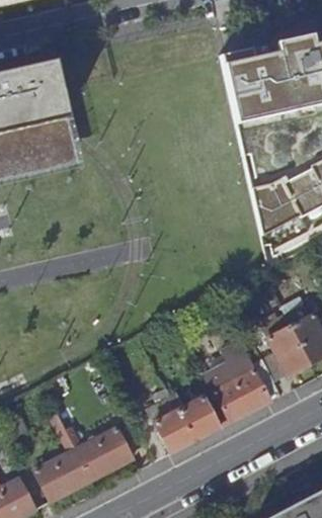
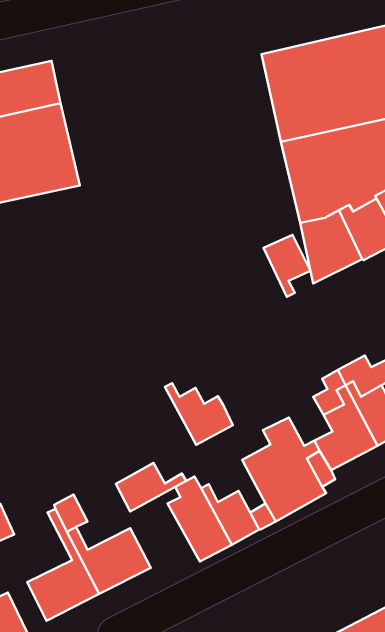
building: none -> [264,235,311,297]
building: none -> [165,383,233,445]
building: none -> [116,463,186,512]

